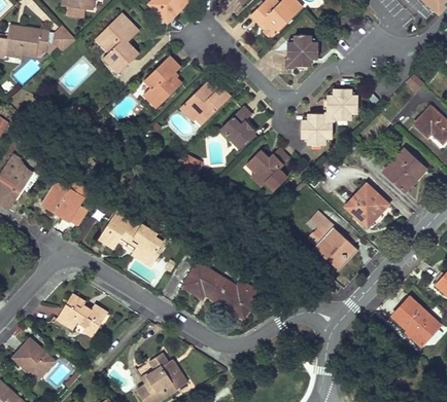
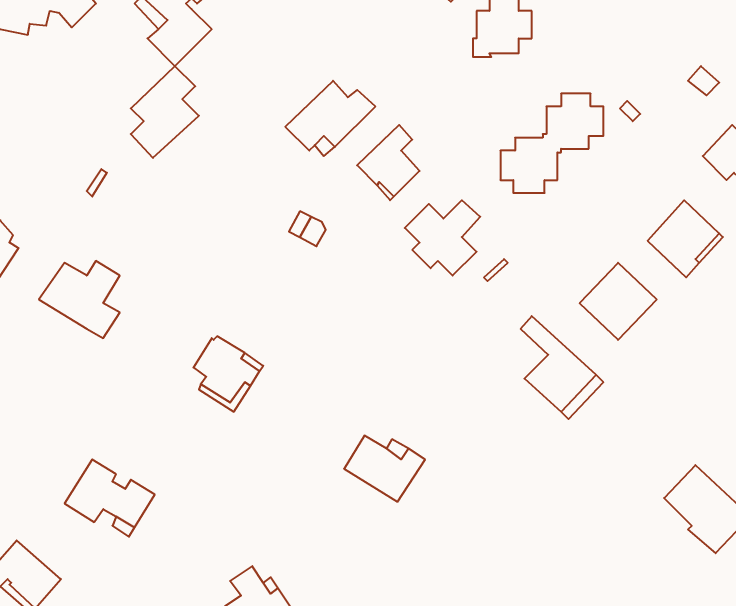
building: [144,56,182,107] -> [131,66,199,158]
building: [99,211,139,249] -> none
building: [183,263,225,298] -> none

